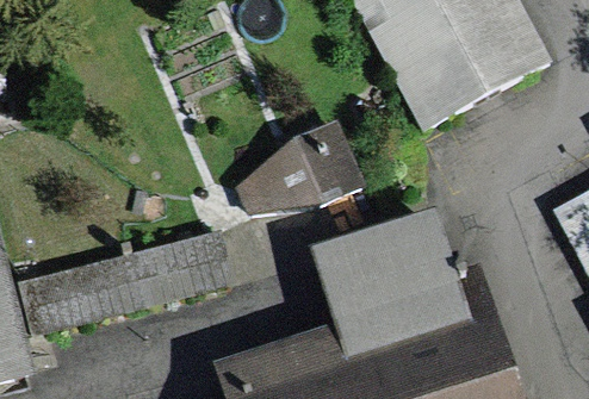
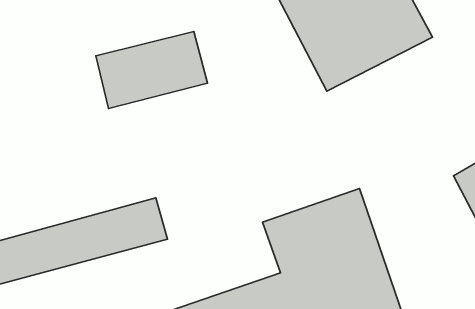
building: [242,125,368,212] -> [96,31,208,109]

